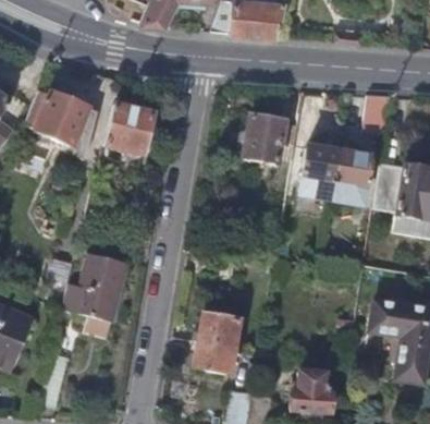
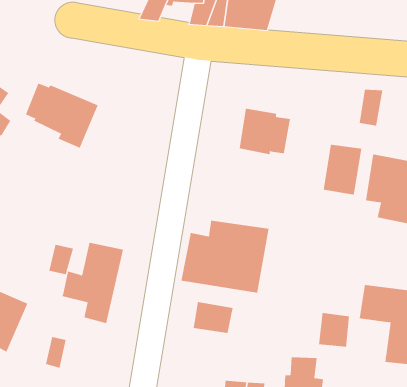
building: [105,105,152,153] -> none
building: [299,146,339,198] -> none
building: none -> [181,220,269,294]
building: none -> [318,312,349,348]
building: [194,340,234,373] -> none

